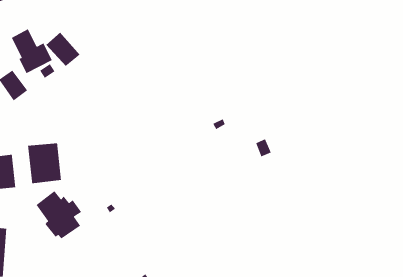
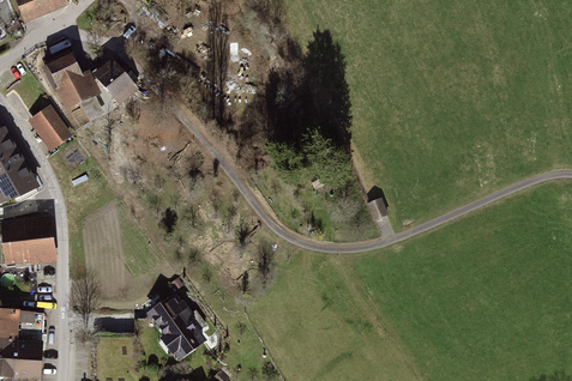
building: [27,143,62,184] -> none
building: [35,190,82,240] -> [147,296,209,361]

